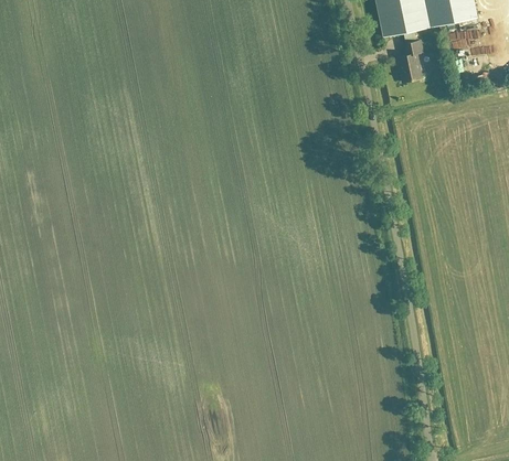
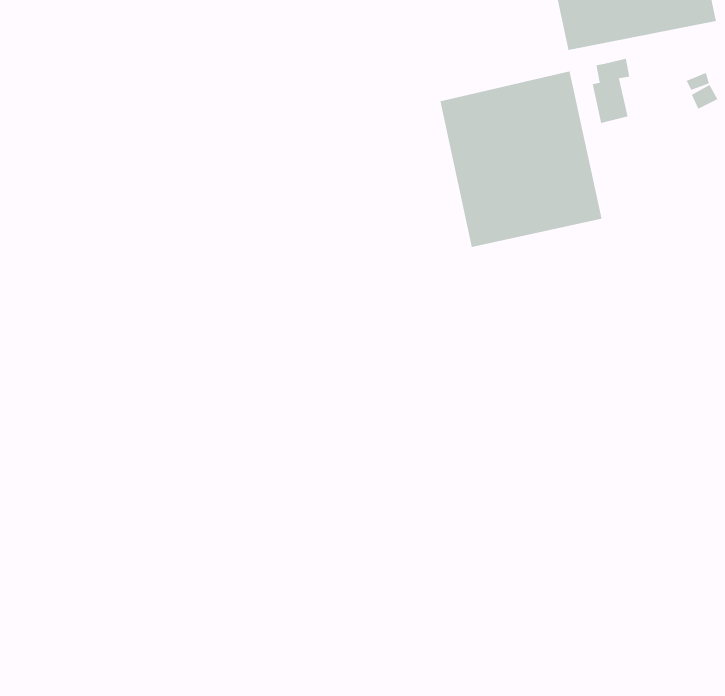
building: none -> [440,71,602,248]

